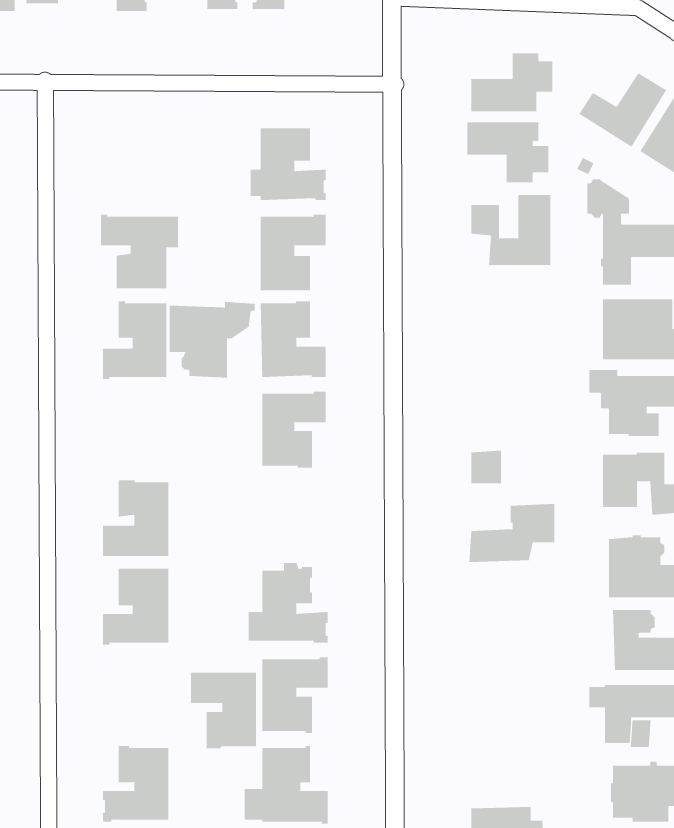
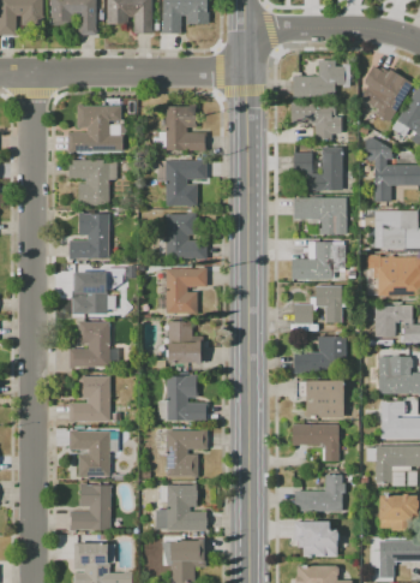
building: none -> [67,105,121,151]
building: none -> [293,197,346,234]
building: [169,301,256,378] -> [71,267,124,314]
building: none -> [290,242,344,279]
building: none -> [314,285,341,322]
building: none -> [167,321,202,363]
building: none -> [305,380,342,417]
building: none -> [292,424,338,460]
building: [190,672,257,749] -> [68,430,109,477]
building: none -> [294,475,344,511]

